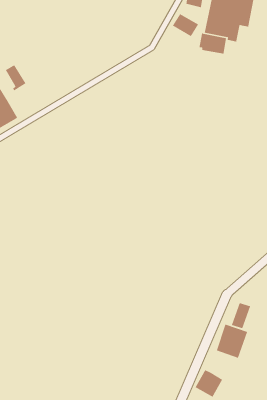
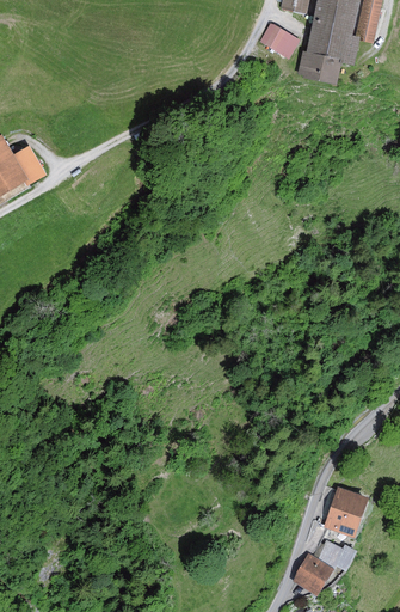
building: [5,64,27,91] -> [14,145,47,185]
building: [231,302,251,329] -> none
building: none -> [316,539,358,571]

